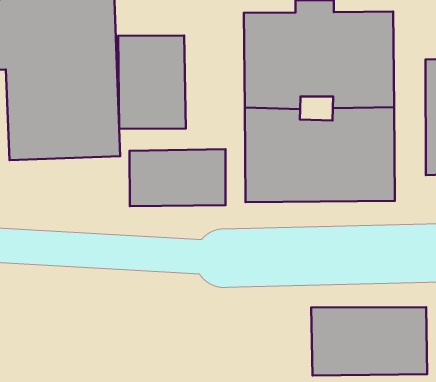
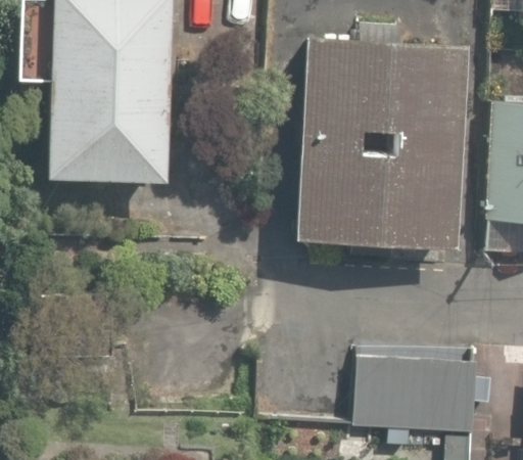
building: [118,36,186,129] -> none
building: [130,149,225,206] -> none

